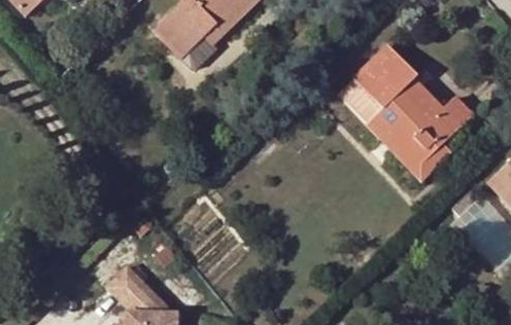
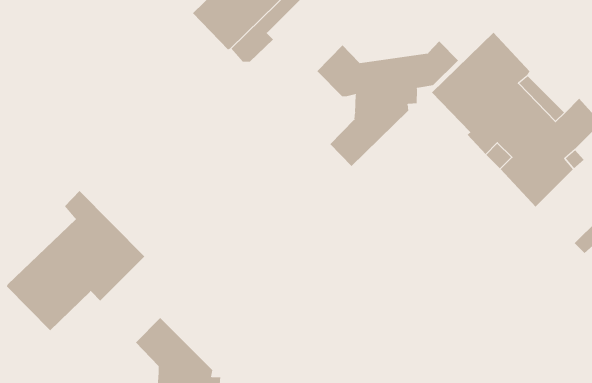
building: none -> [317,40,459,167]
building: none -> [6,190,145,331]

